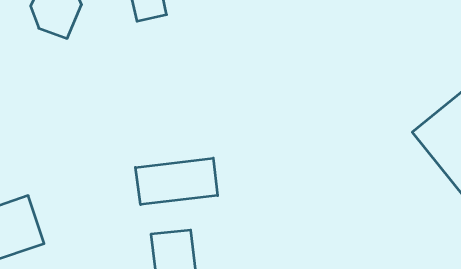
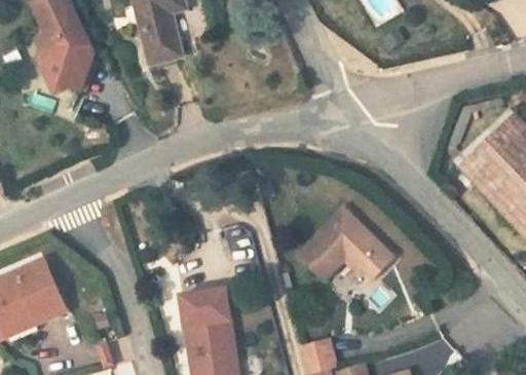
building: [135,158,218,205] -> none
building: none -> [294,208,391,282]

